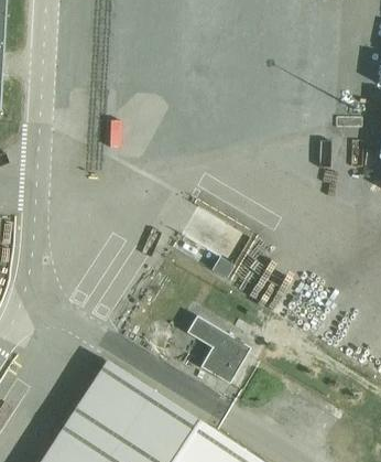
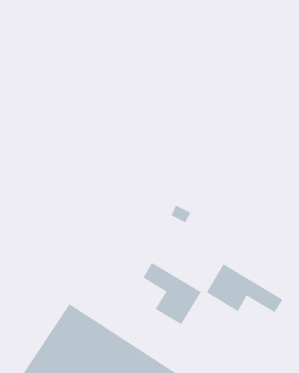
building: none -> [206,263,284,313]

